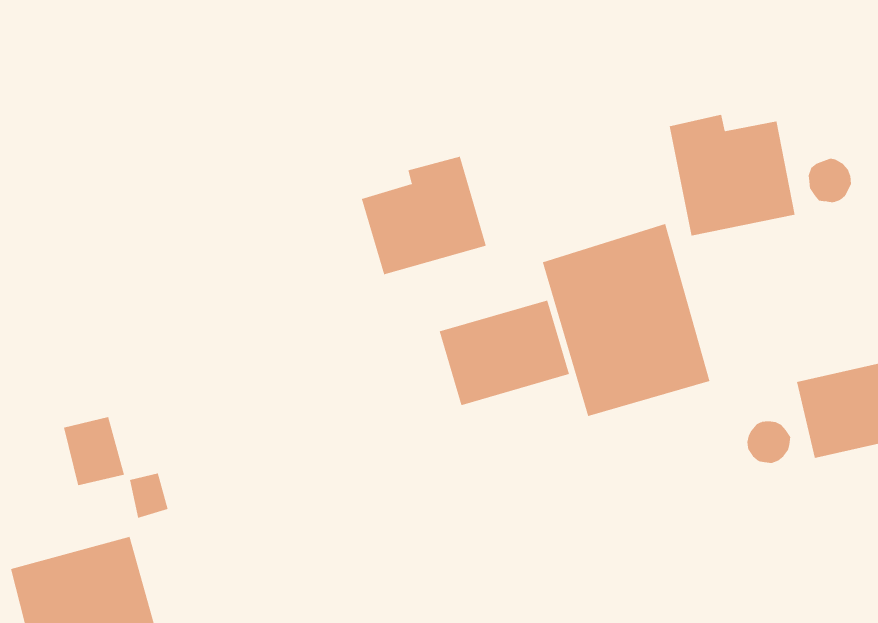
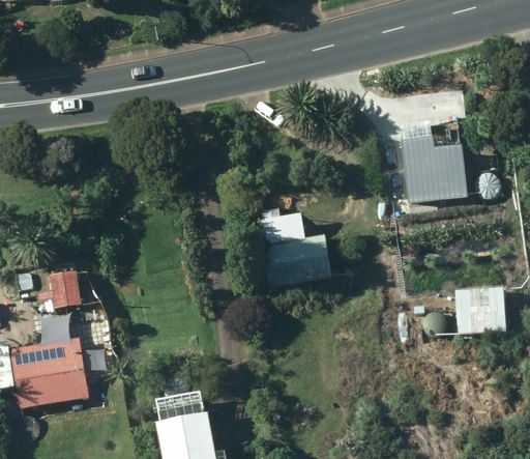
building: [361,156,486,275] -> none
building: [542,223,710,417] -> none

